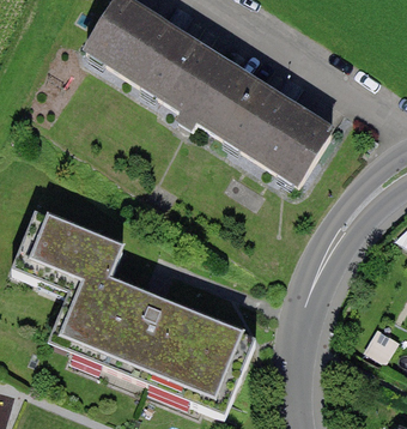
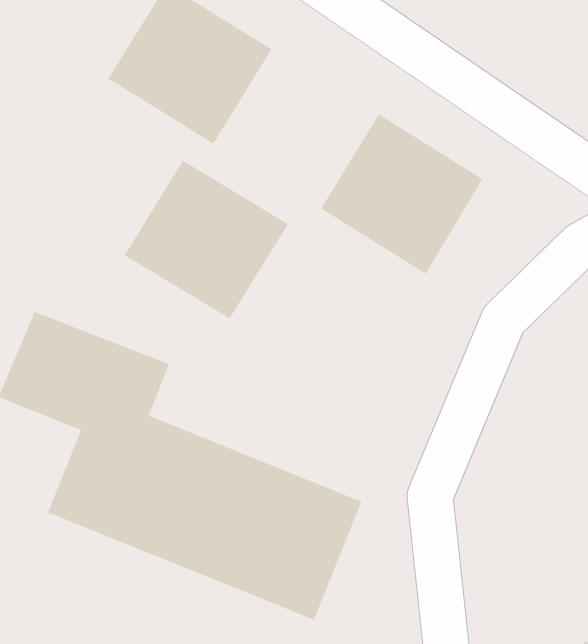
building: [154,38,262,143] -> [124,160,289,319]

